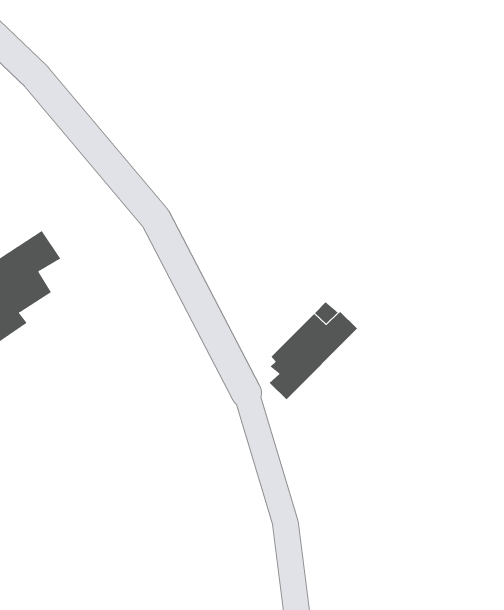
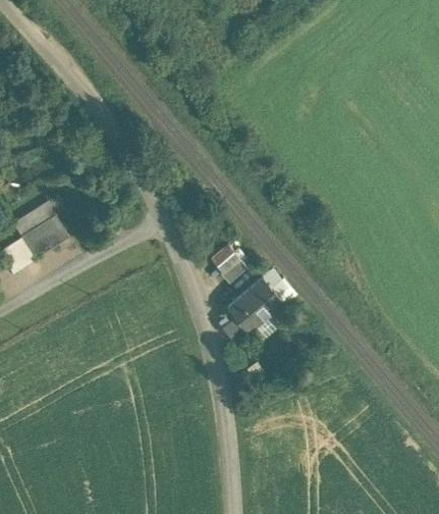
building: none -> [207,242,243,279]

